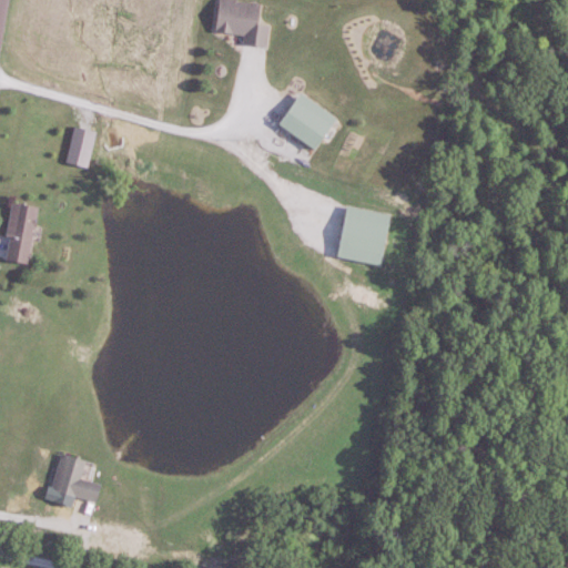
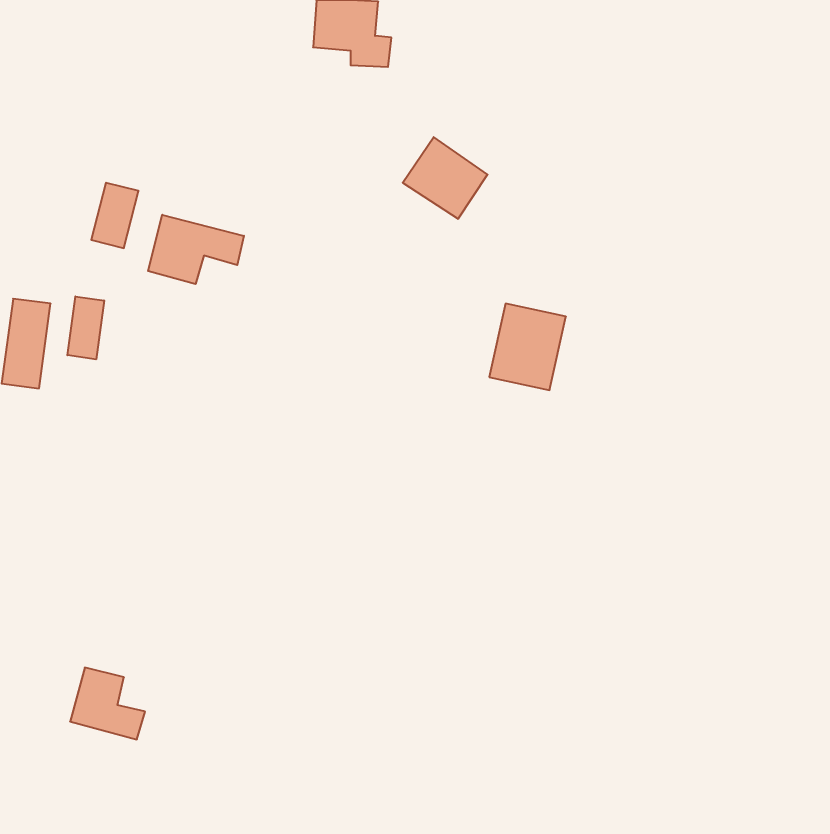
building: none -> [148,215,244,284]
building: none -> [67,296,104,359]

